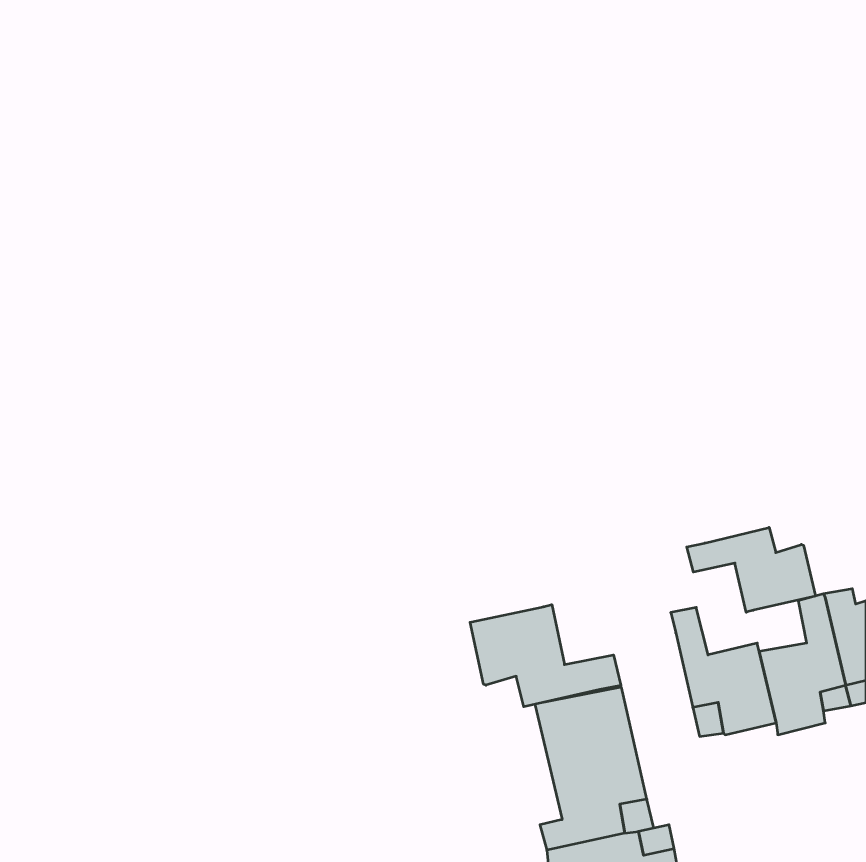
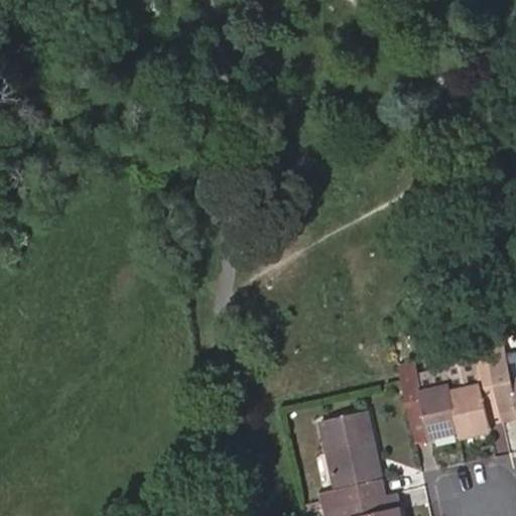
building: [687,527,815,612] -> none
building: [470,605,621,707] -> none

